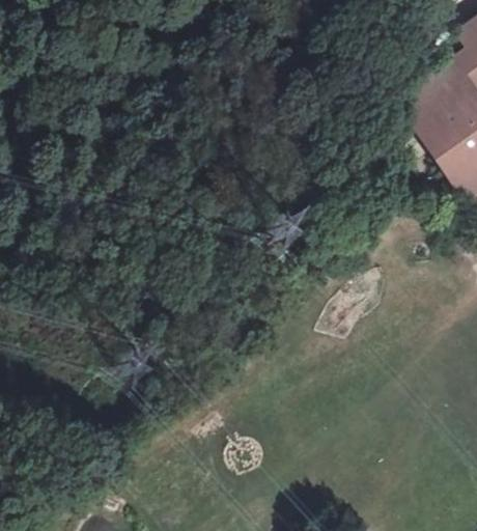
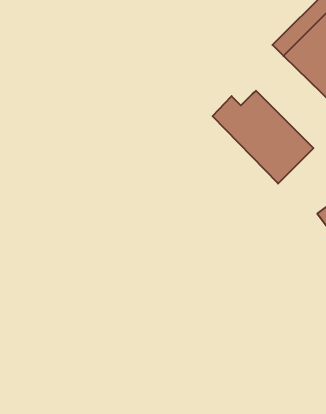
building: none -> [213,91,313,184]

